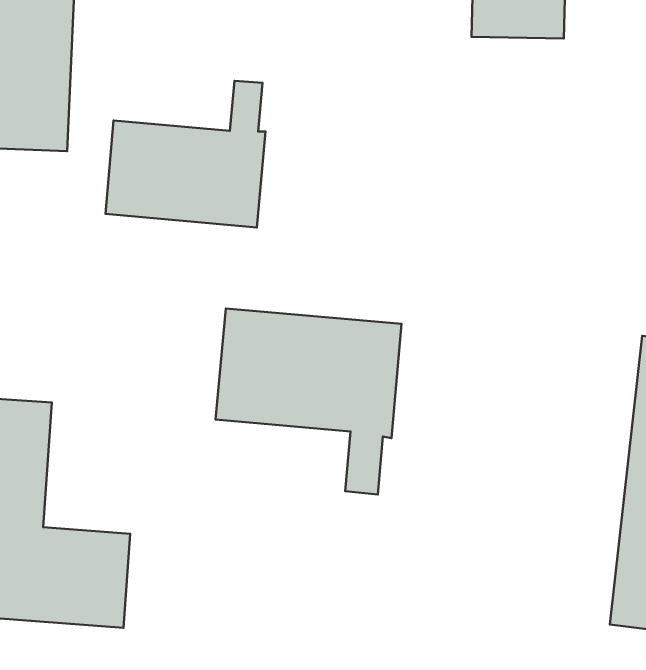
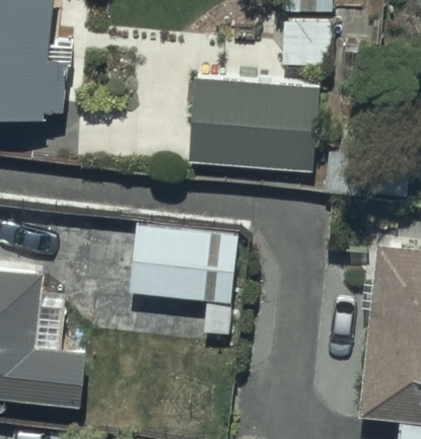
building: none -> [191,70,320,165]
building: [105,81,266,228] -> none

